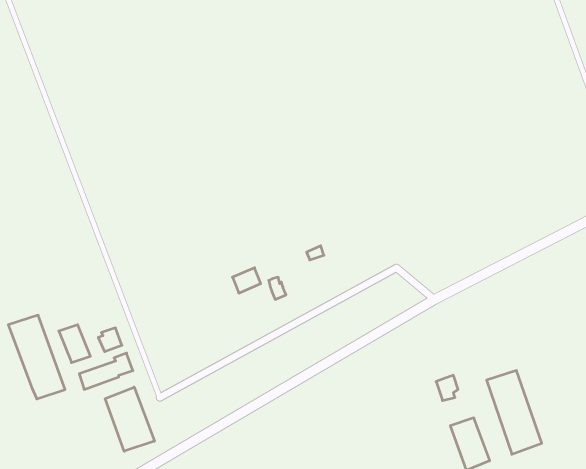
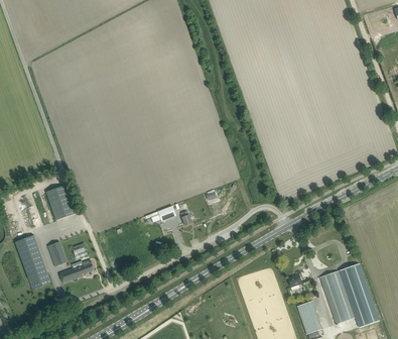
building: none -> [45,185,75,220]
building: none -> [339,263,379,327]
building: [105,387,154,451] -> none

